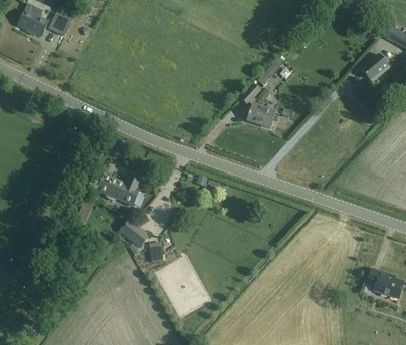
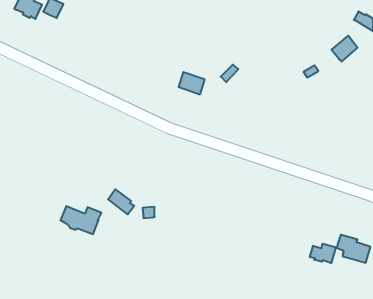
building: [246,103,274,127] -> [179,72,205,94]
building: [96,174,141,204] -> [60,206,101,234]
building: none -> [310,244,336,263]

